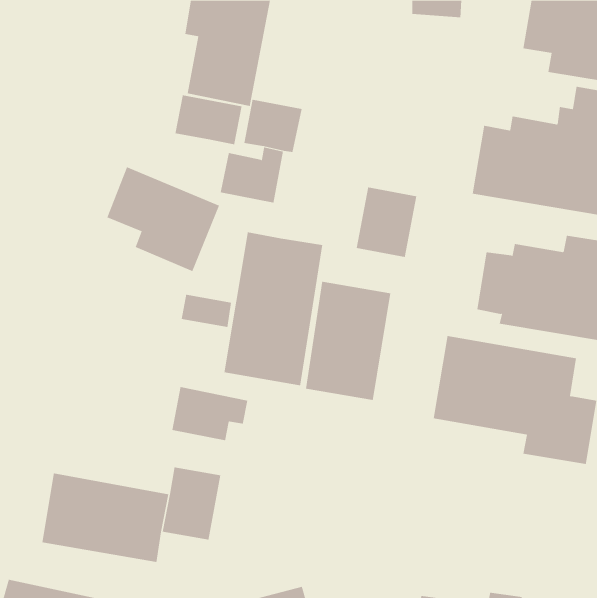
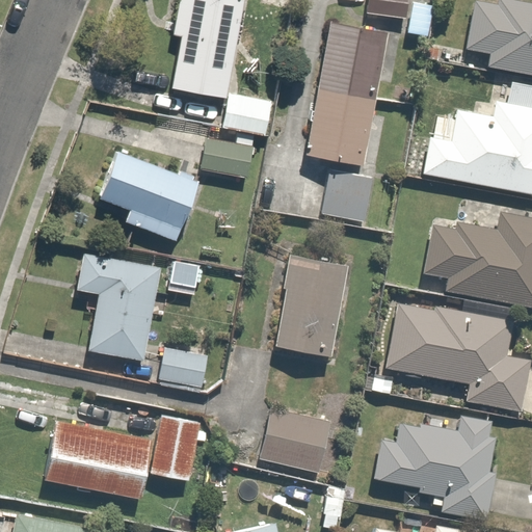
building: none -> [303,19,391,168]
building: [175,95,242,145] -> none
building: [224,232,323,386] -> none
building: none -> [76,254,162,360]
building: none -> [258,406,332,473]
building: none -> [374,415,499,520]

